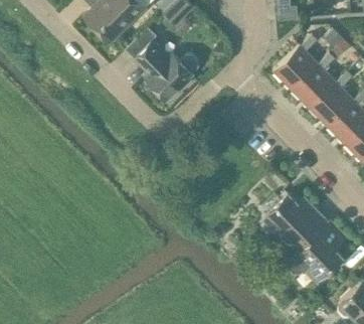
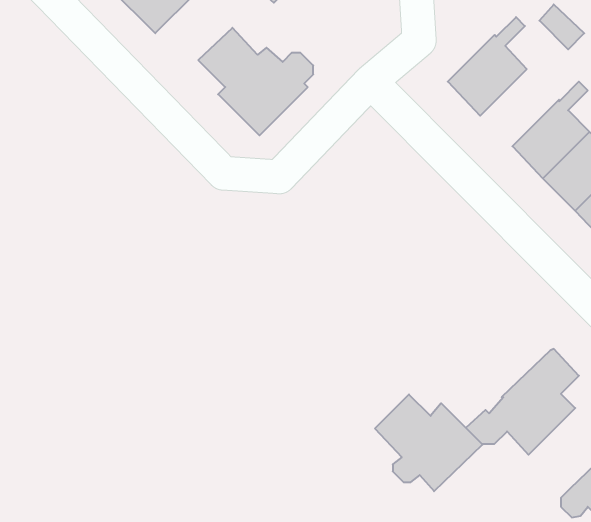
building: [291,52,335,107] -> none
building: [269,193,330,248] -> [375,394,483,491]

